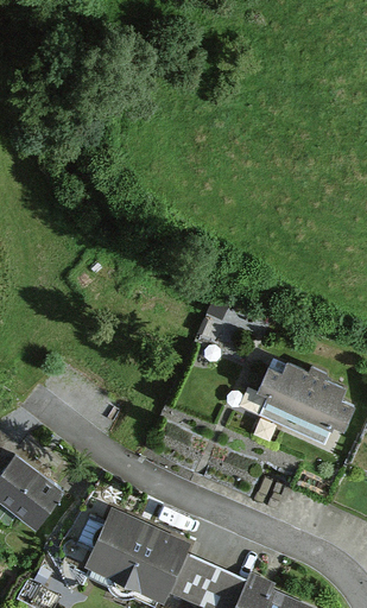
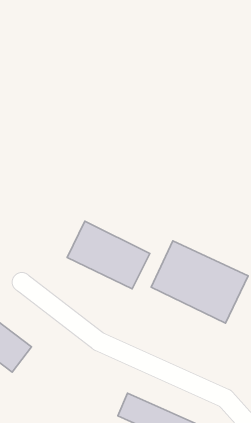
building: none -> [67,221,150,289]
building: [94,509,185,590] -> none

